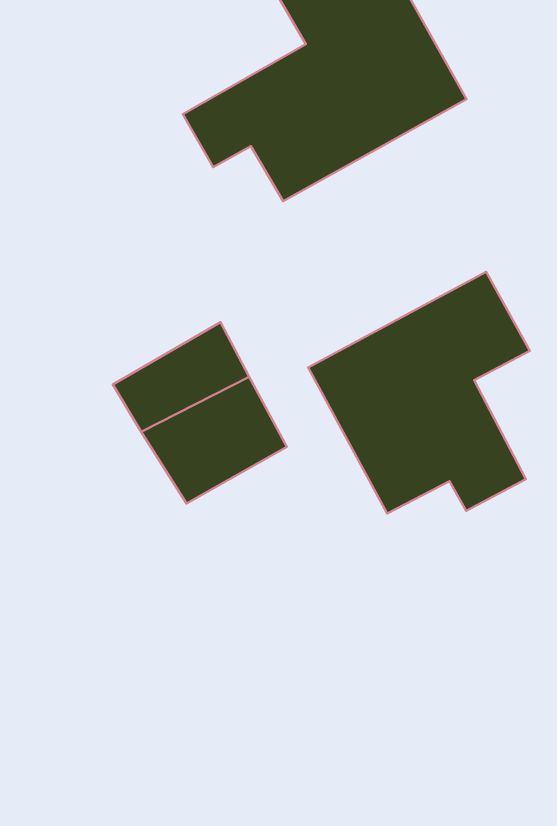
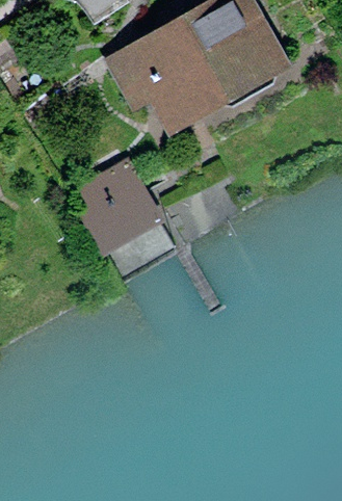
building: [308,272,530,514] -> none

